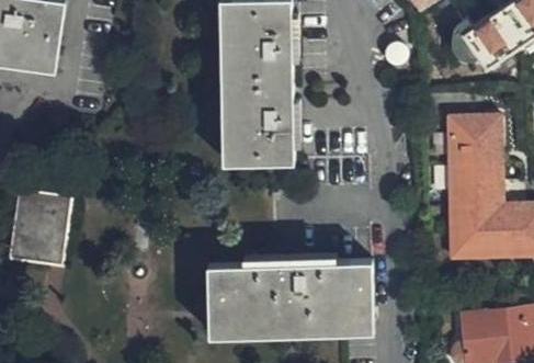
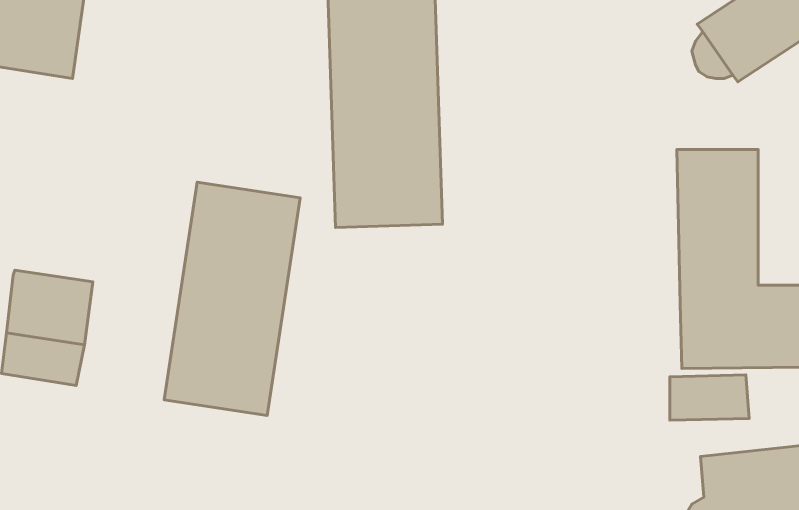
building: none -> [164,182,300,416]
building: [207,260,373,337] -> none
building: none -> [670,375,749,420]

